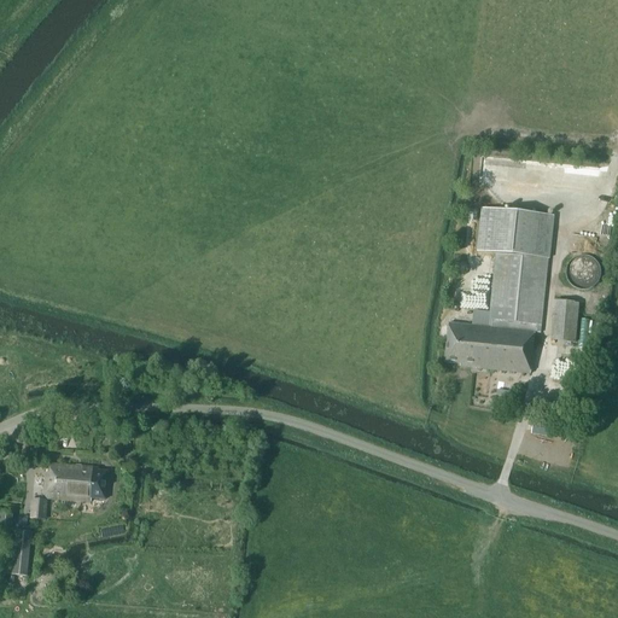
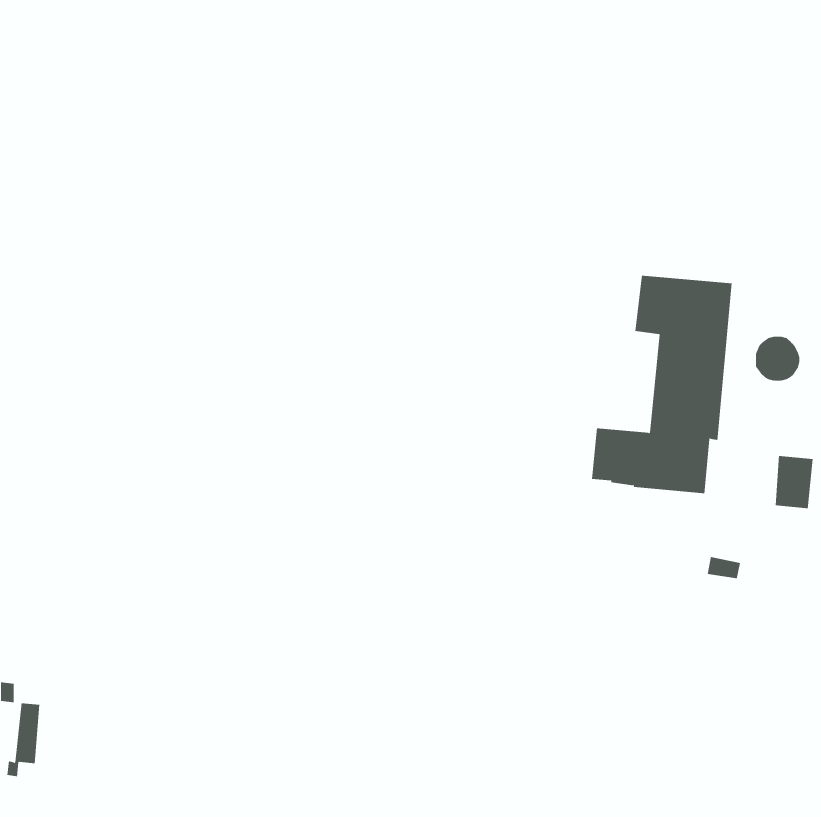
building: [550,298,579,338] -> [775,456,813,509]
building: [30,460,107,517] -> none

